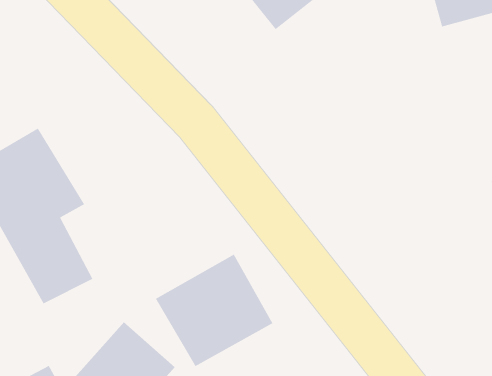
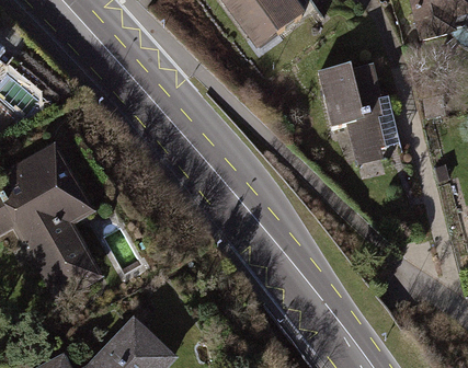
building: none -> [322,65,410,170]
building: [155,254,274,367] -> none

